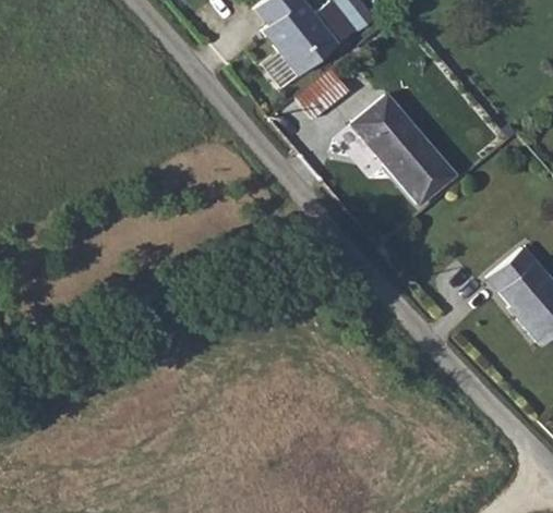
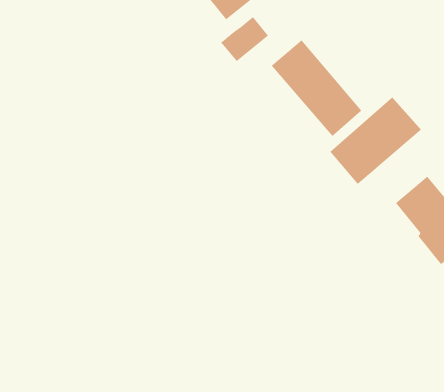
building: none -> [329,96,422,185]

